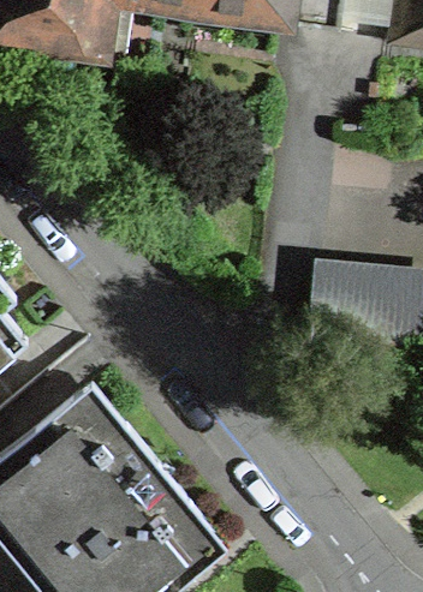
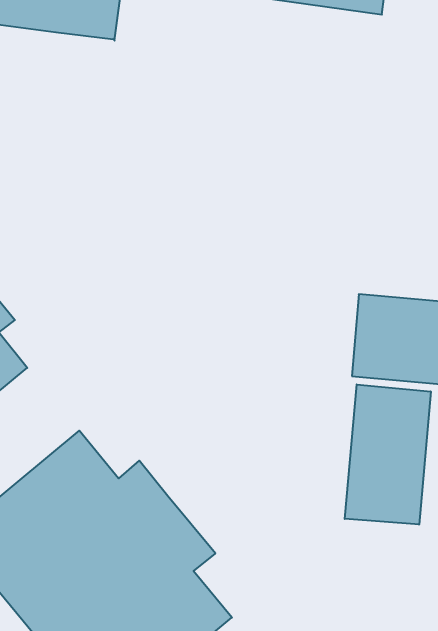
building: none -> [345,384,431,525]

